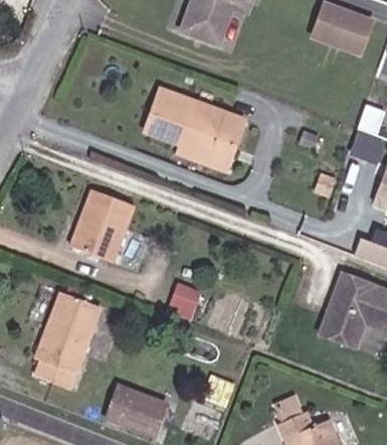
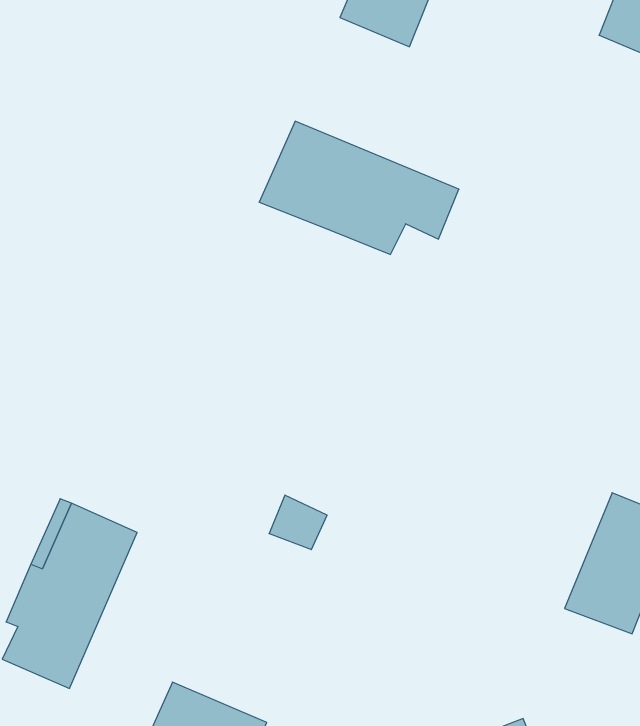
building: [182,141,242,174] -> none
building: [78,194,142,266] -> none

